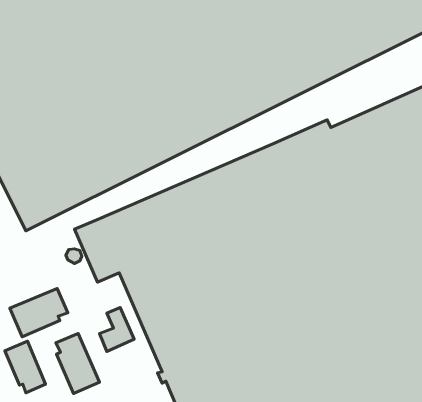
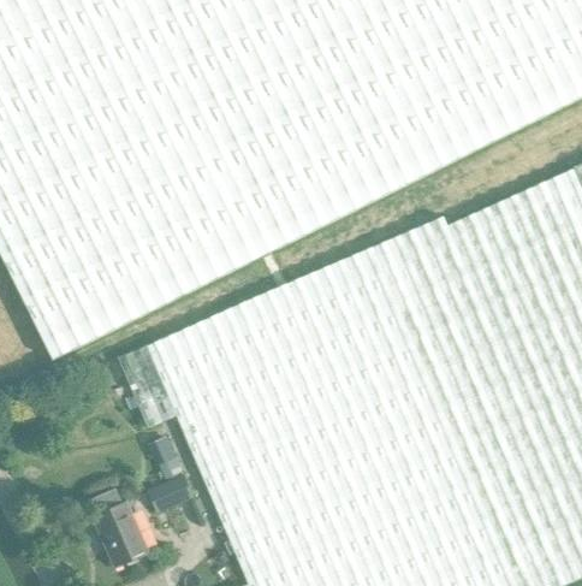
building: [10,289,68,337] -> none
building: [5,341,45,393] -> none

